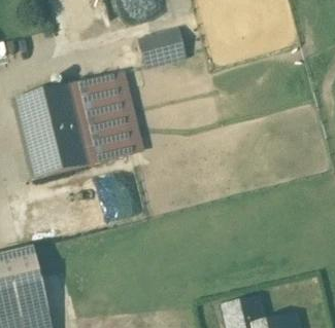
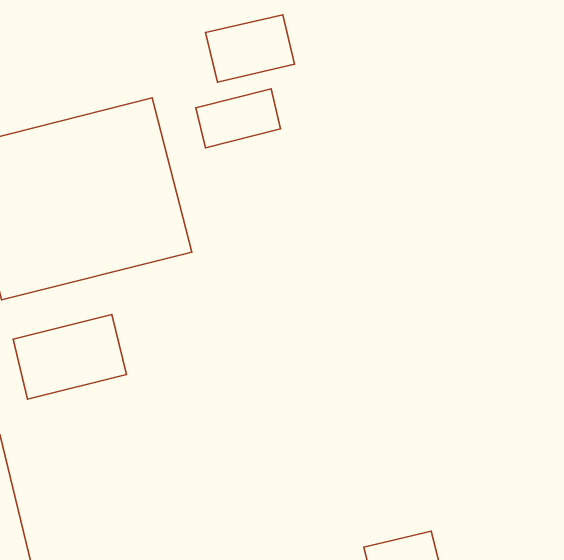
building: none -> [196,89,281,148]
building: none -> [13,314,126,399]

